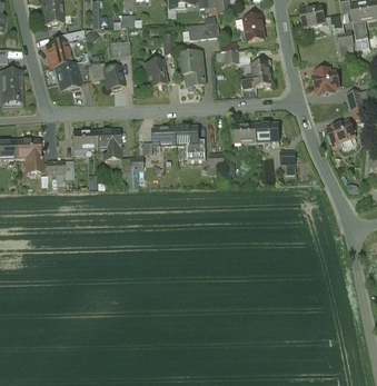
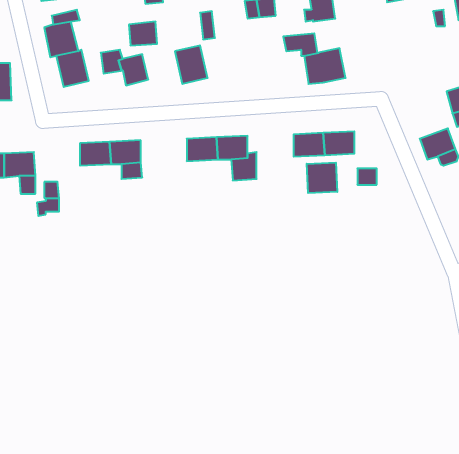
building: [182,51,205,89] -> none
building: [312,68,339,93] -> none
building: none -> [307,163,337,193]

